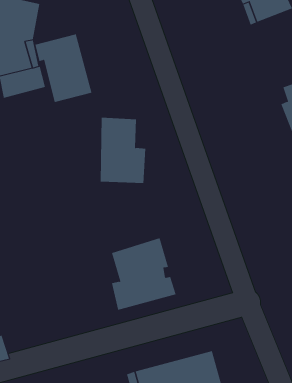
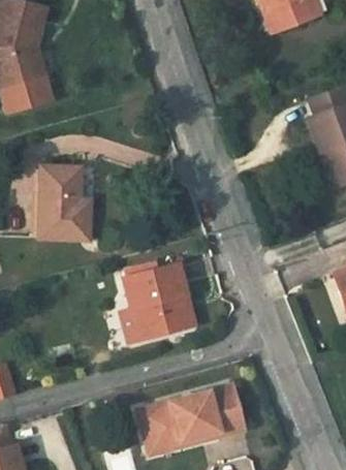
building: [35,34,92,103] -> none
building: [100,117,146,184] -> [40,167,91,240]

